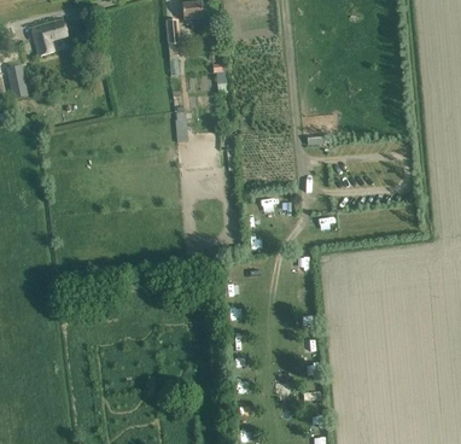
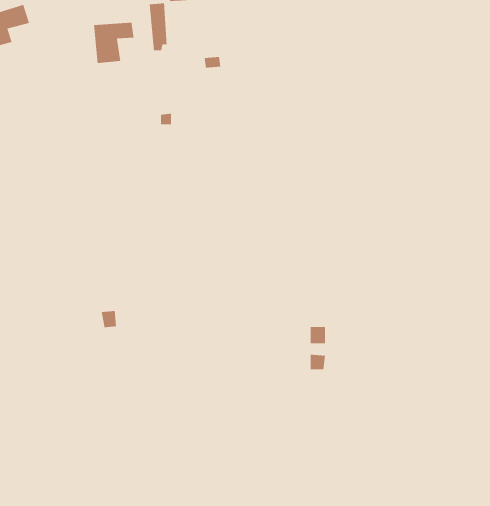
building: none -> [94,22,134,64]

